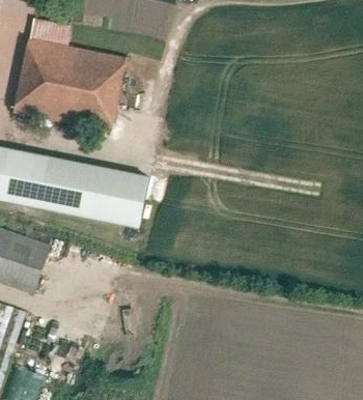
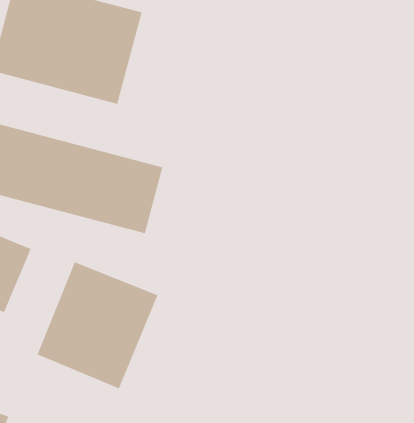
building: none -> [37,261,158,389]

